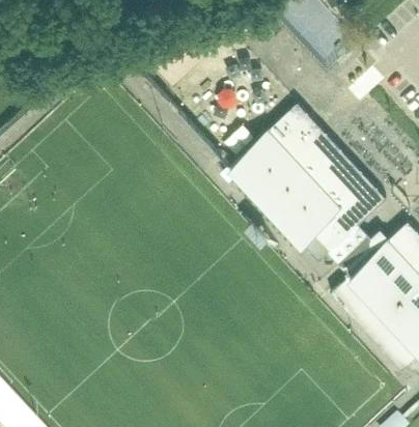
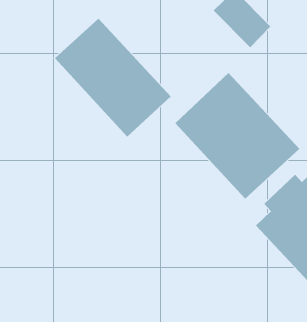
building: none -> [54,18,171,137]

